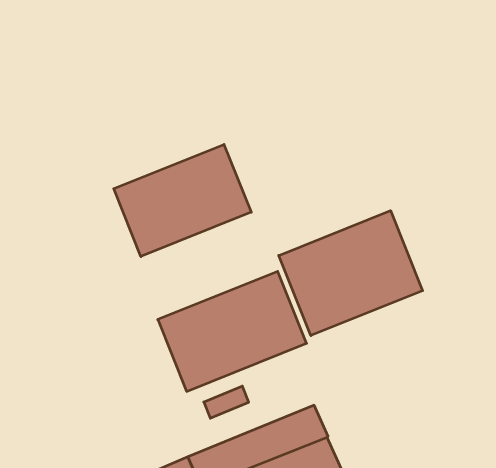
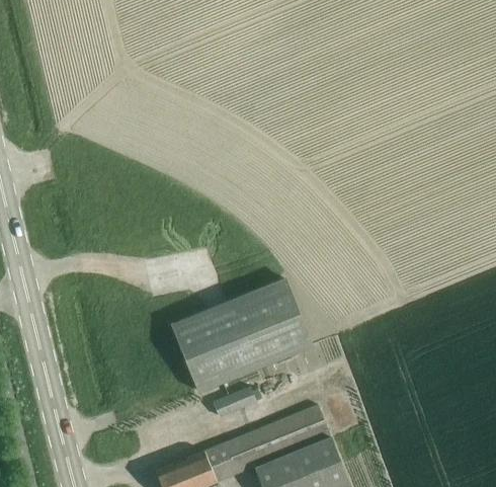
building: [114,144,251,257] -> none
building: [279,211,423,336] -> none

